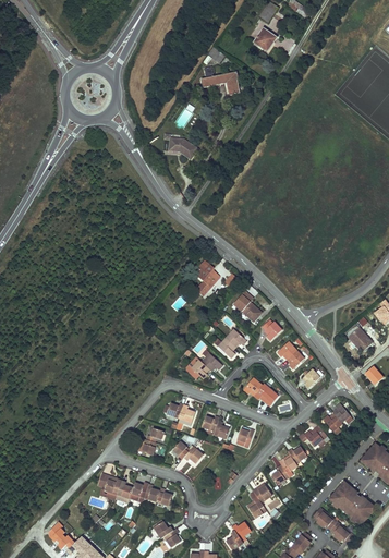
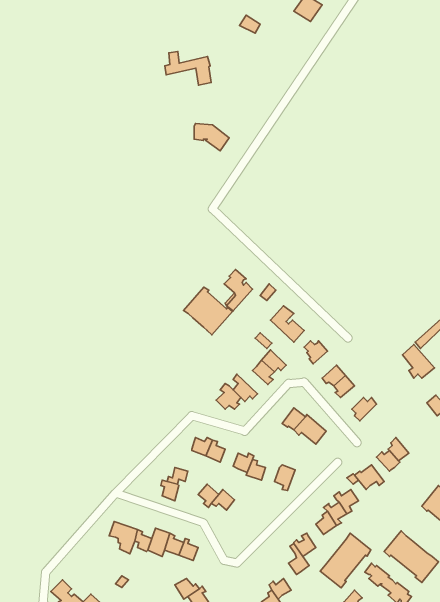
building: [200,66,240,95] -> [165,51,211,85]
building: none -> [183,287,232,335]
building: none -> [320,533,371,588]

